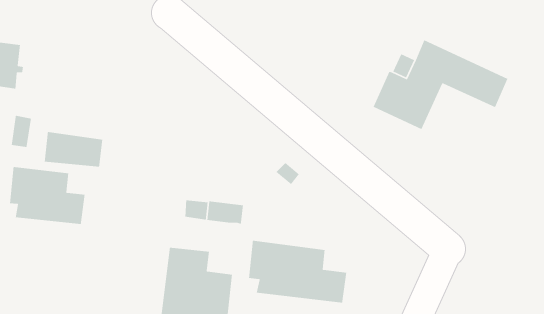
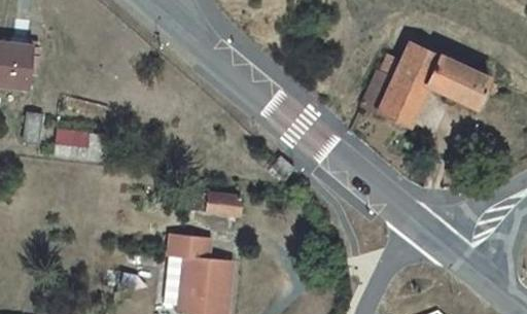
building: [9,166,85,225] -> none
building: [248,240,347,304] -> none

